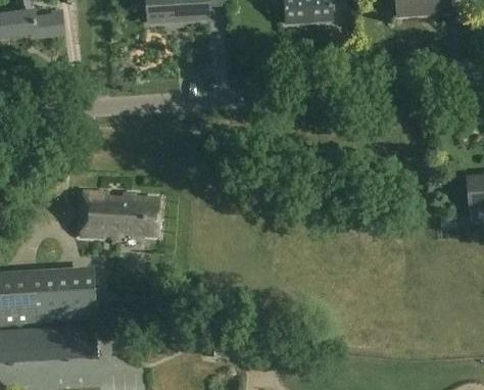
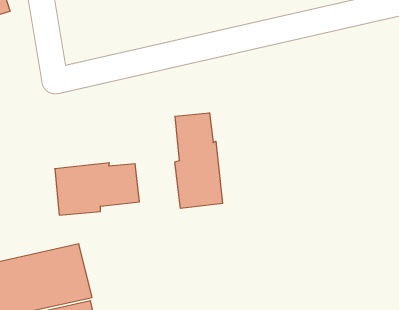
building: none -> [175,113,223,208]

